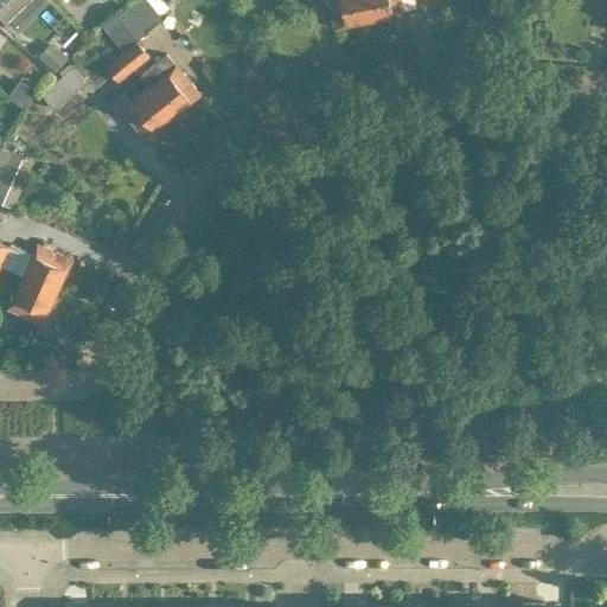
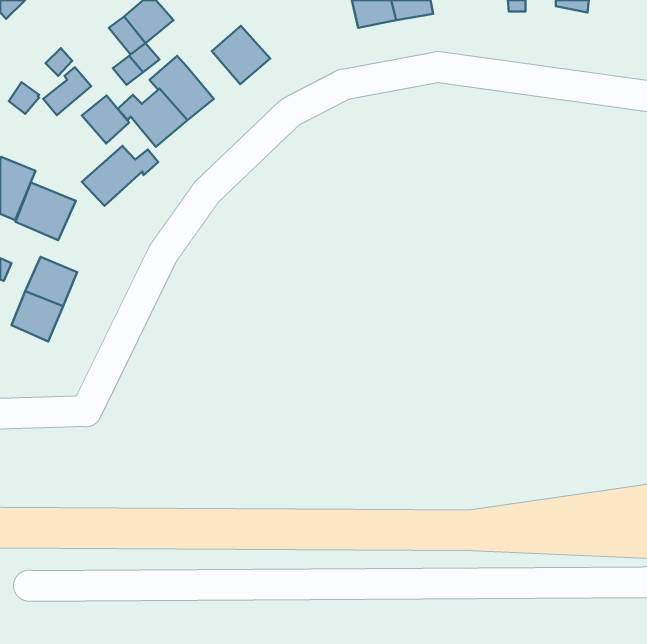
building: none -> [212,26,270,84]
building: none -> [82,95,129,143]
building: none -> [82,146,158,206]
building: none -> [16,182,76,240]

